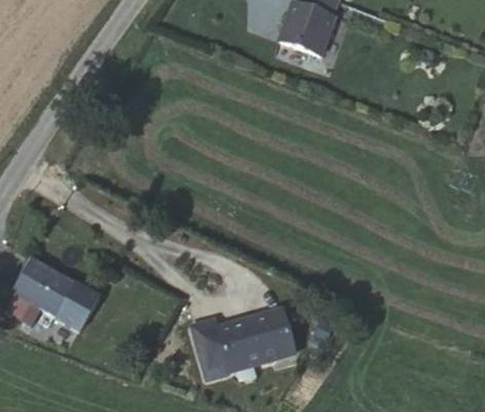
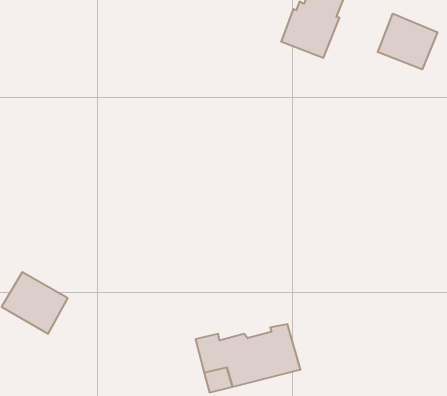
building: none -> [378,14,437,69]
building: [57,283,98,329] -> none

